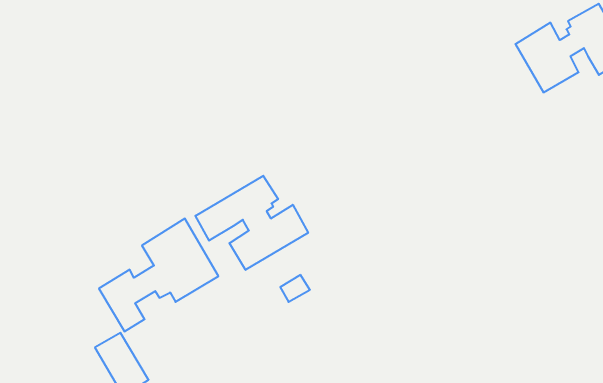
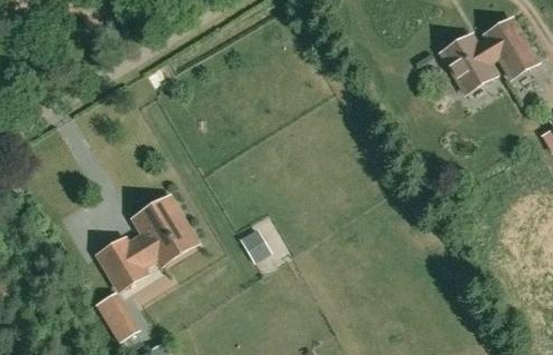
building: [195,176,308,270] -> none

